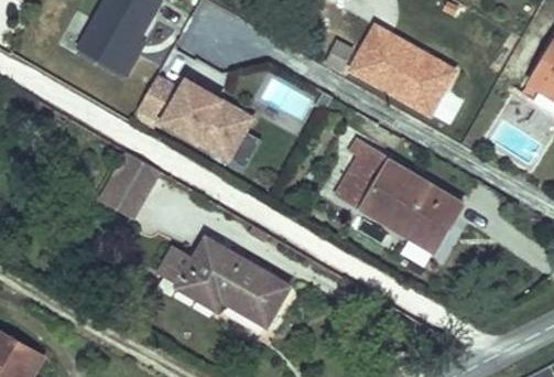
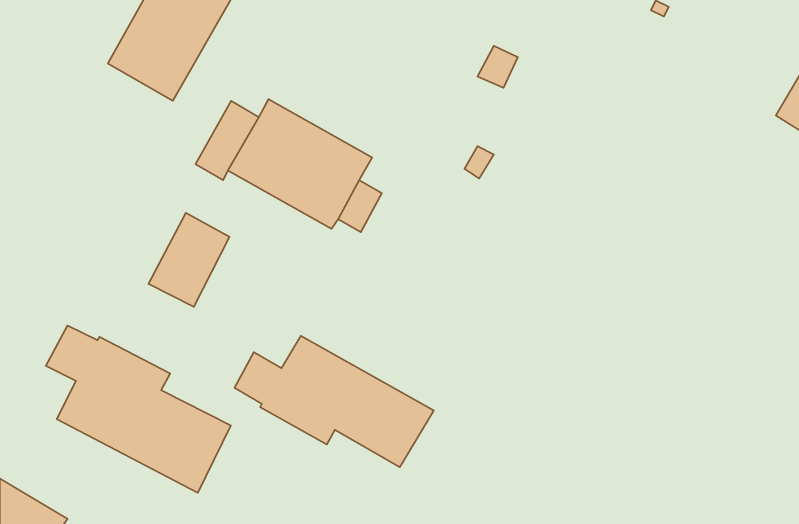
building: [349,23,459,117] -> none
building: [334,150,457,247] -> none
building: none -> [46,325,231,493]

